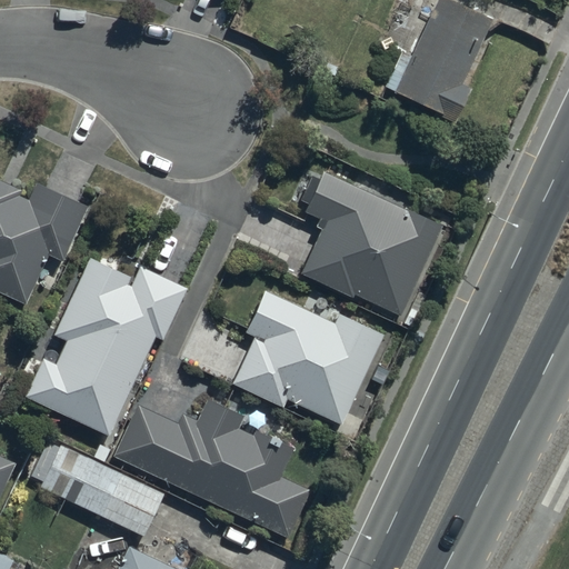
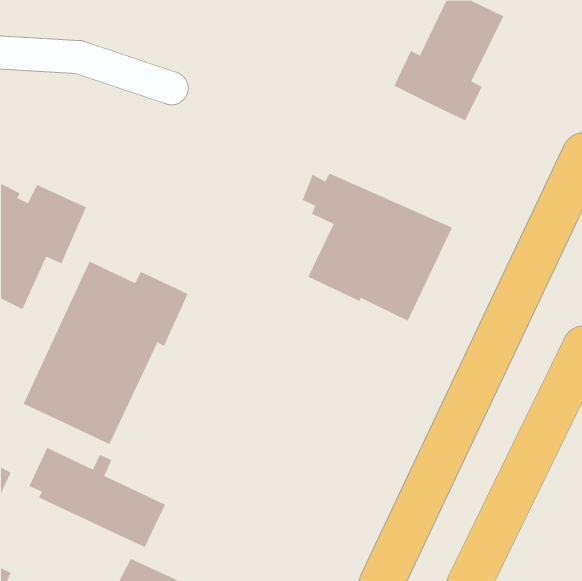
building: [231,290,385,425] -> none
building: [112,398,309,538] -> none

